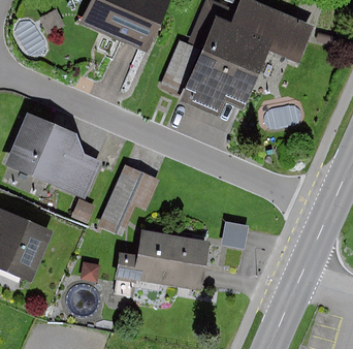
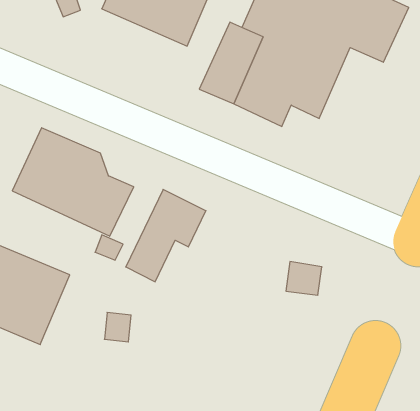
building: [116,231,211,291] -> none

